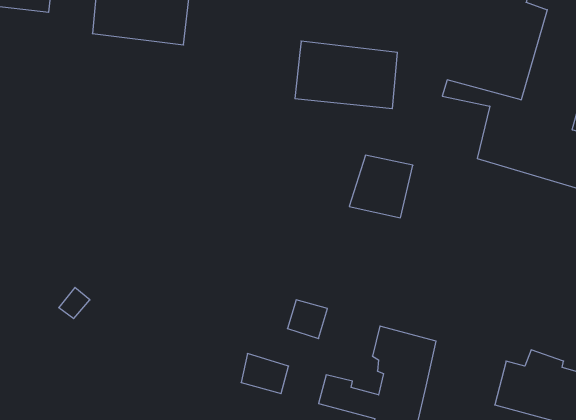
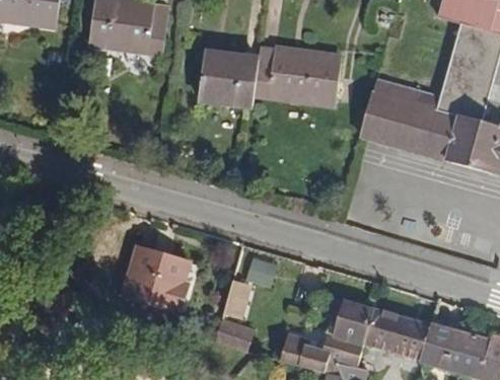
building: none -> [203,59,261,110]
building: [349,155,413,218] -> [363,99,415,150]
building: none -> [115,241,180,307]
building: none -> [363,298,428,350]

